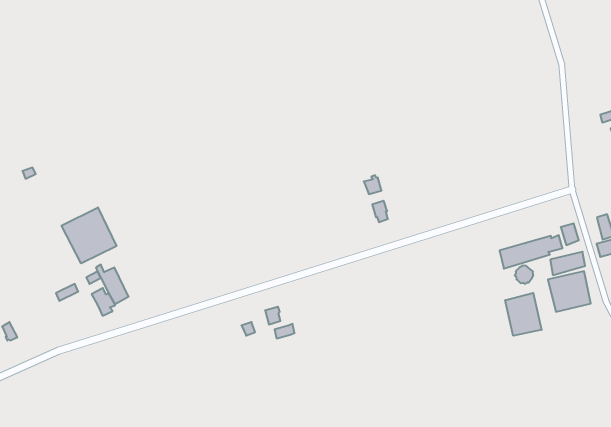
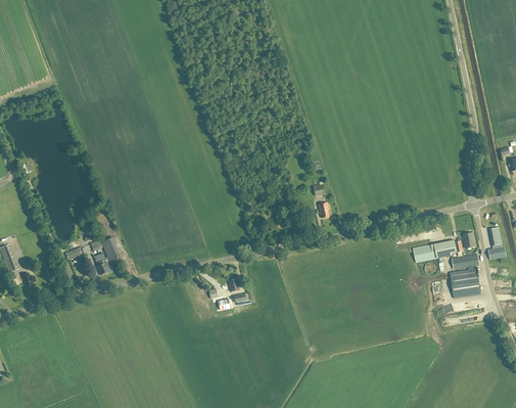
building: [62,207,116,263] -> none
building: [505,293,542,336] -> none

